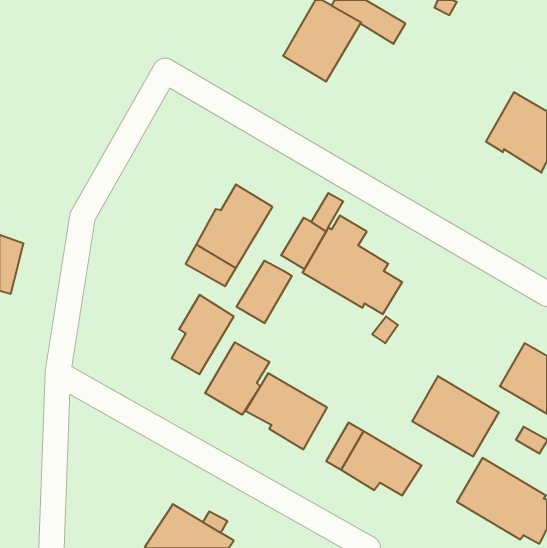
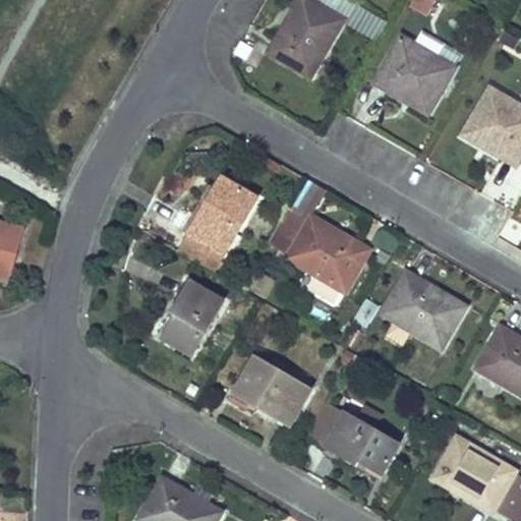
building: none -> [374,37,452,113]
building: [236,261,292,323] -> none
building: [205,342,269,415] -> none
building: [412,376,499,456] -> [381,271,463,347]

